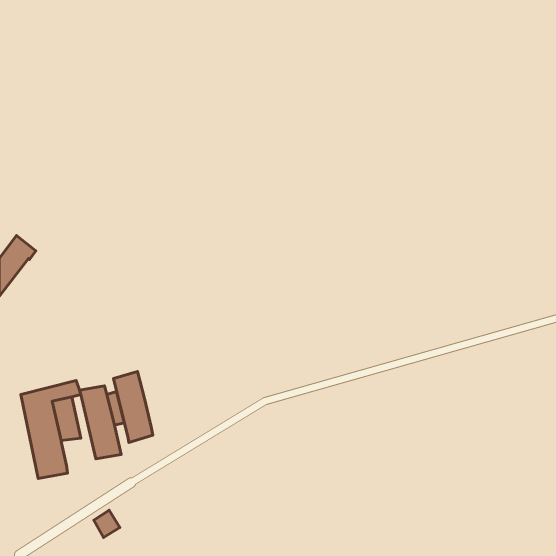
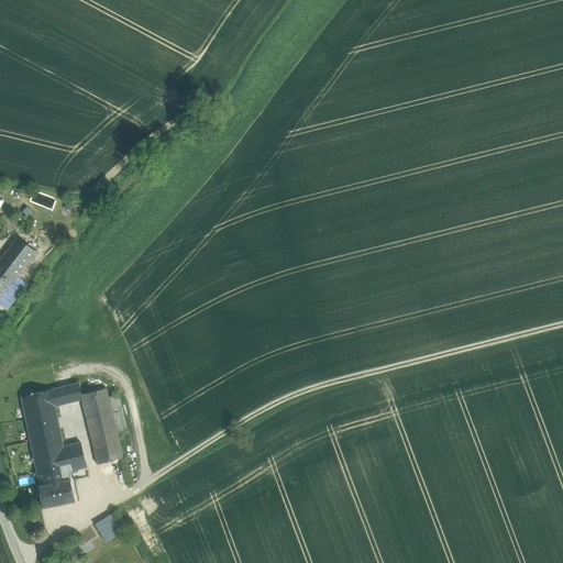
building: [114,371,153,442] -> none
building: none -> [62,443,86,471]
building: none -> [37,478,73,506]

